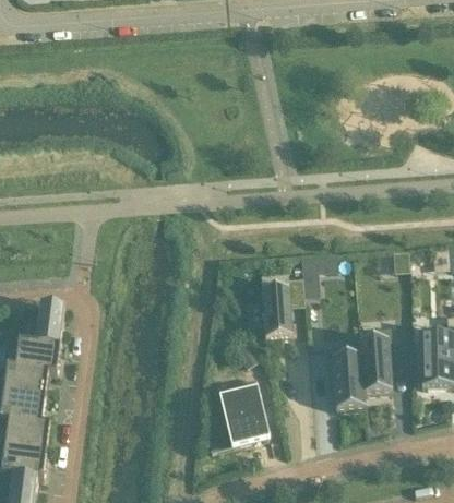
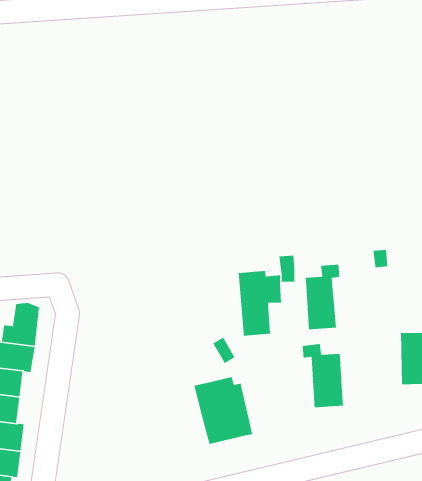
building: [359,327,394,393] -> [305,264,340,330]

